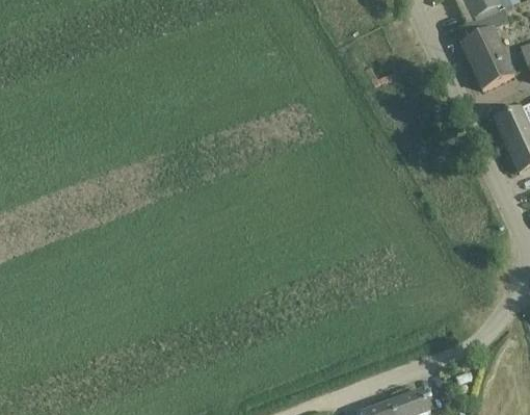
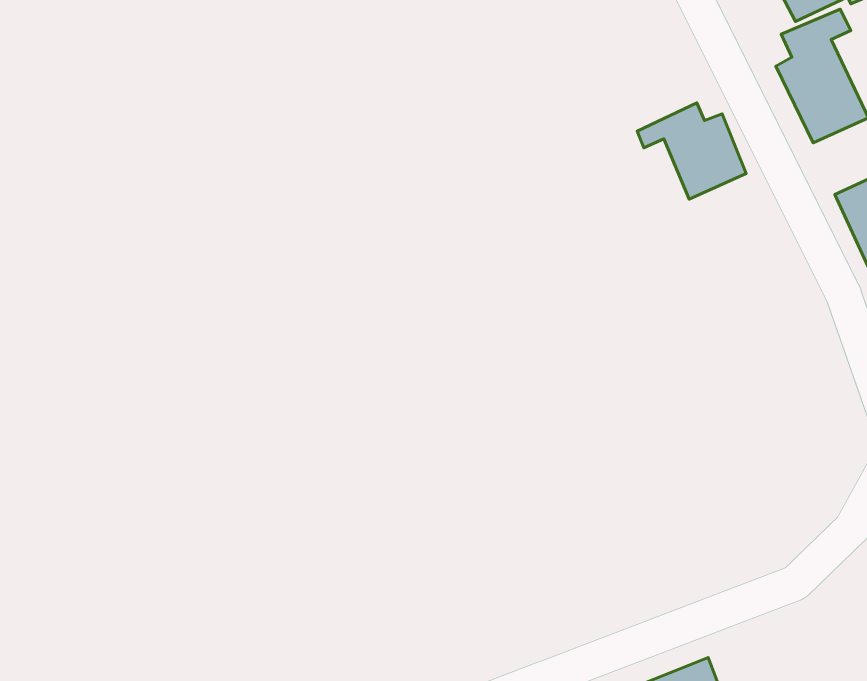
building: none -> [637,103,746,199]

